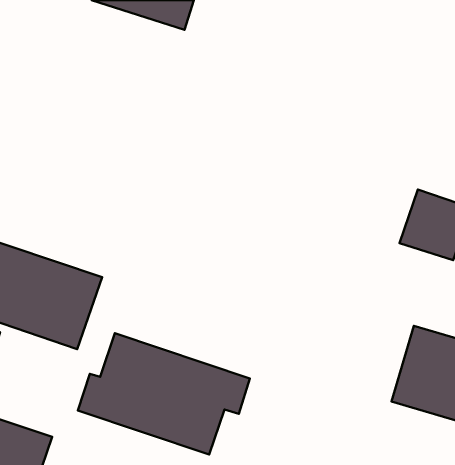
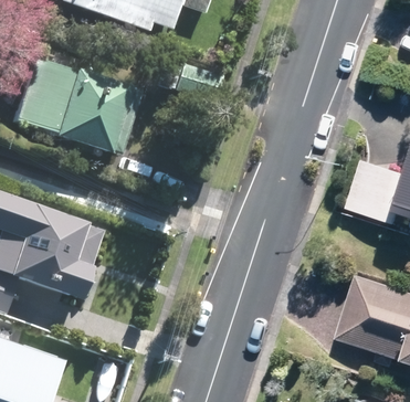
building: none -> [28,68,135,149]
building: [78,333,250,455] -> none

